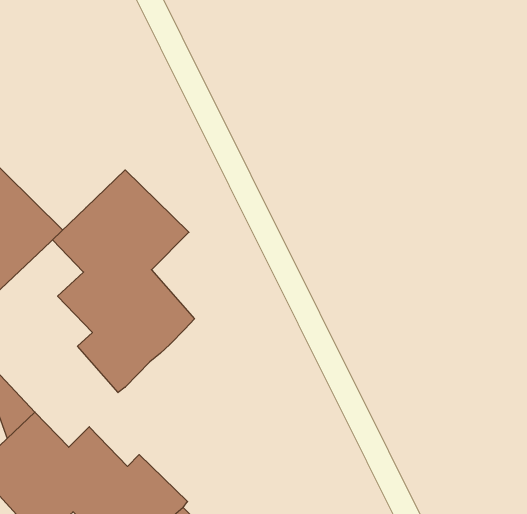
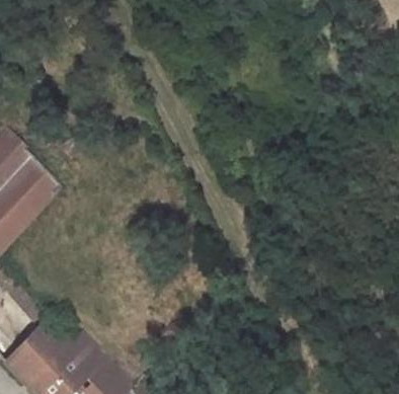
building: [53,170,194,393] -> none

